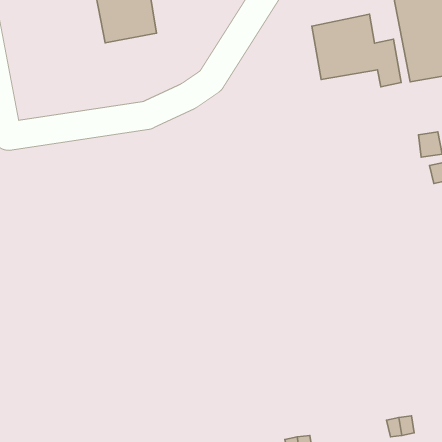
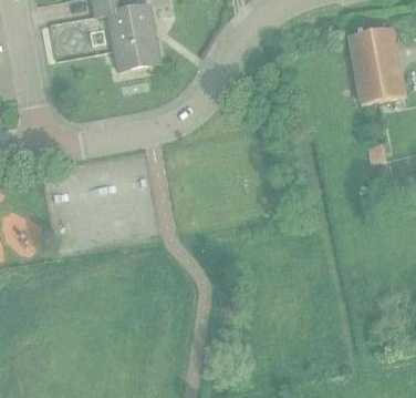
building: [312,14,401,87] -> none

